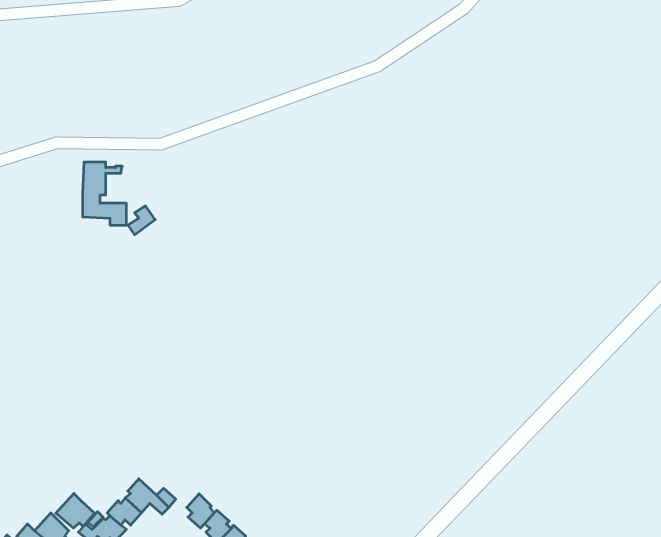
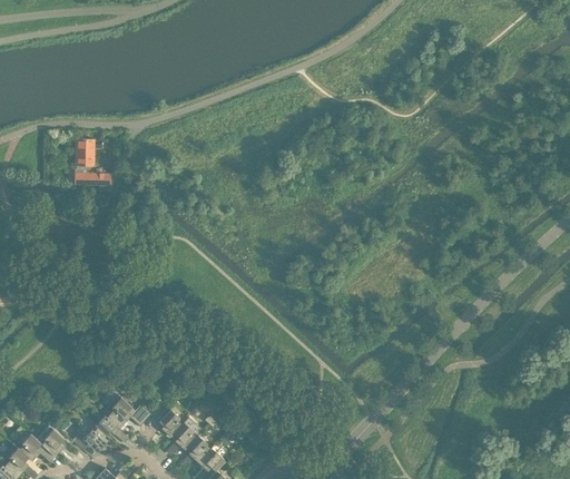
building: [56,493,94,528] -> none

